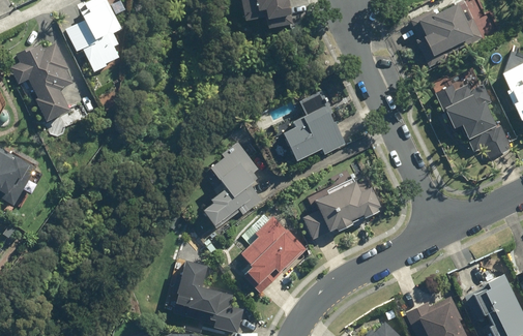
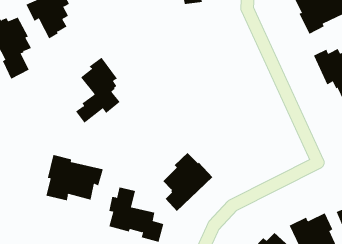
building: [283,91,344,161] -> none
building: [203,141,261,226] -> [75,57,120,124]
building: [301,178,381,239] -> none
building: none -> [46,154,103,201]

